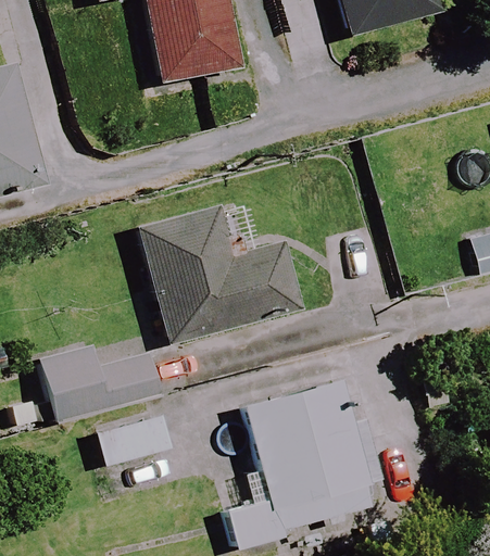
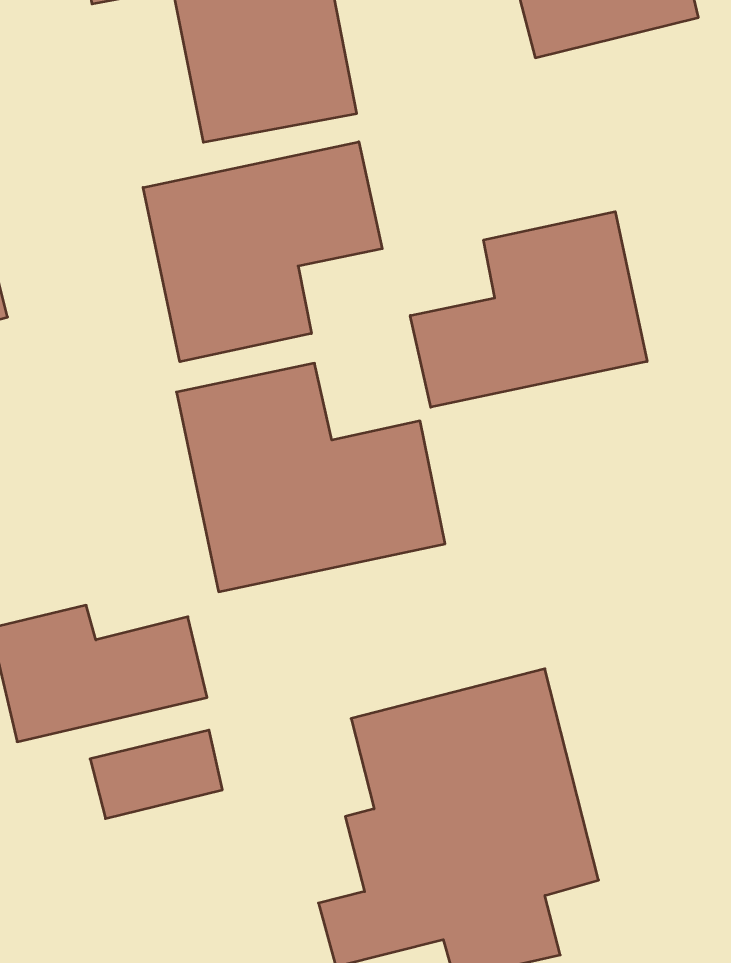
building: none -> [143,142,382,362]
building: none -> [410,212,647,407]

